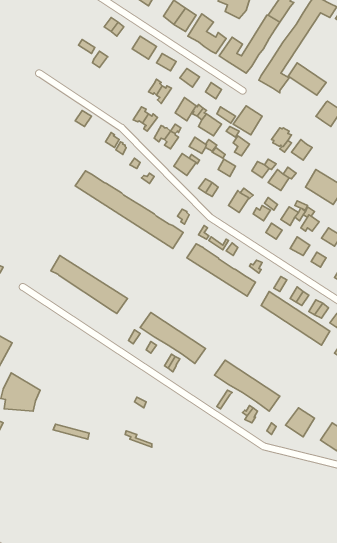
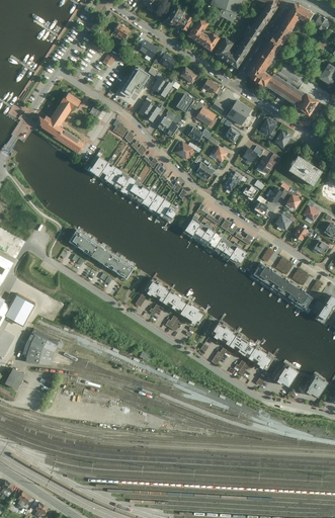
building: none -> [118,67,149,98]
building: none -> [266,74,307,107]
building: none -> [39,91,85,154]

